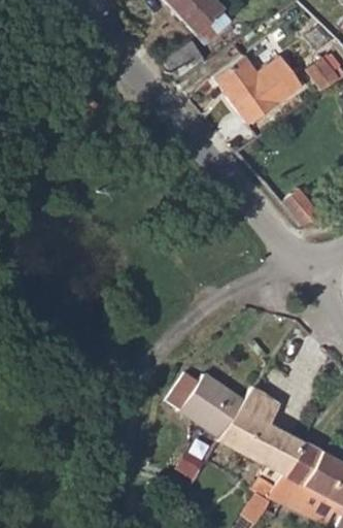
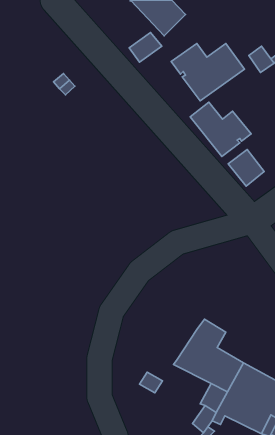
building: none -> [190,102,251,156]
building: [168,371,246,435] -> none

